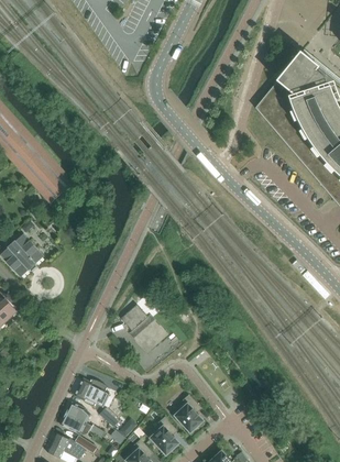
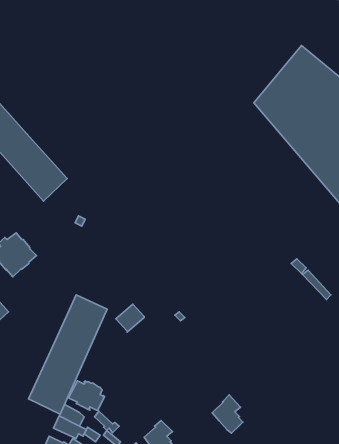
building: none -> [29,295,107,414]
building: [129,312,168,352] -> none
building: [173,393,202,430] -> [212,395,243,433]

